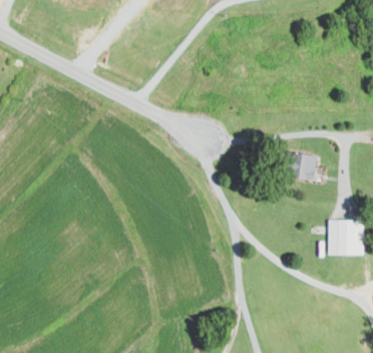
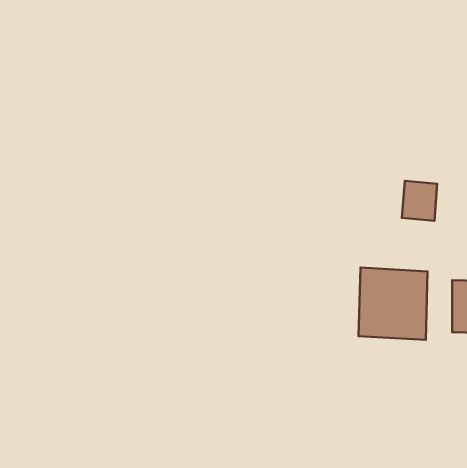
building: none -> [359,268,428,340]

